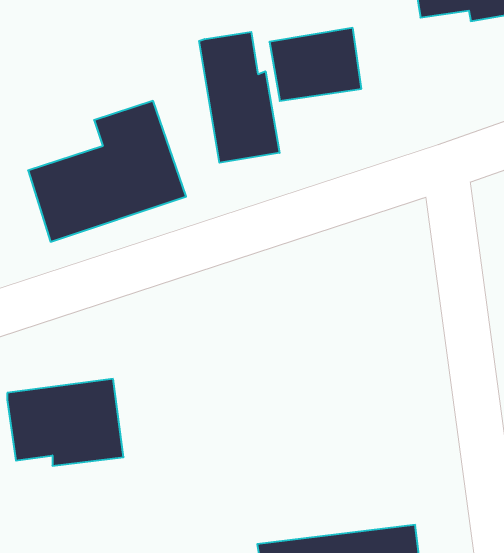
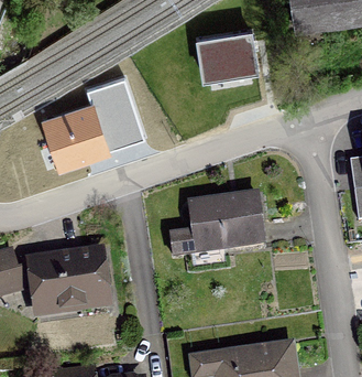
building: [199,32,280,163] -> none
building: none -> [172,196,264,256]

